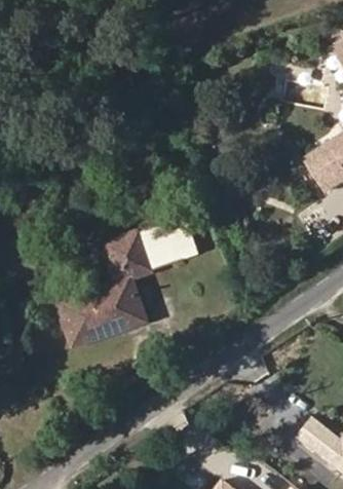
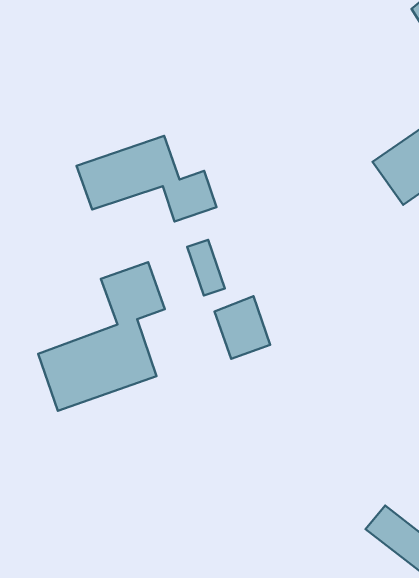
building: none -> [77,136,217,222]
building: [140,224,181,270] -> [215,296,270,359]

